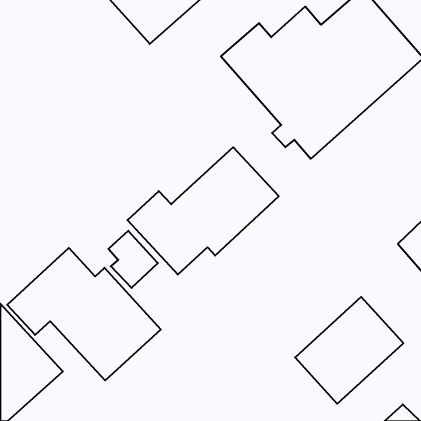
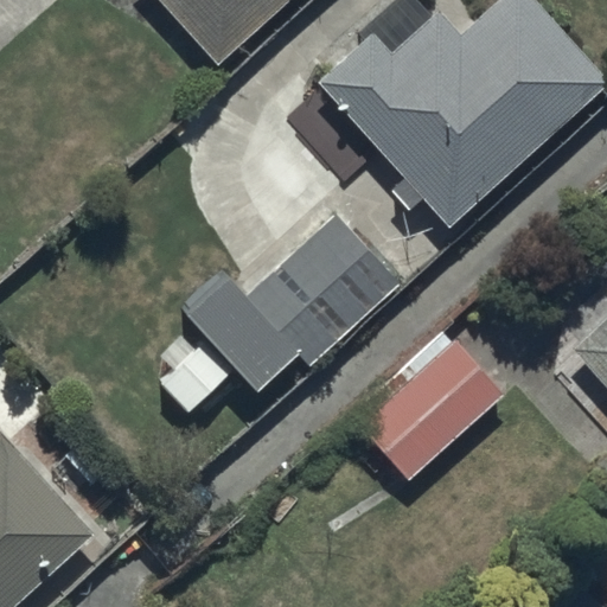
building: [7,248,161,380] -> none
building: [295,297,403,404] -> [350,328,505,481]

